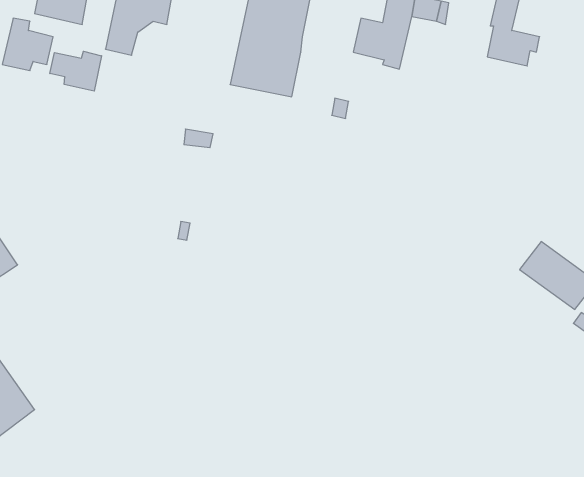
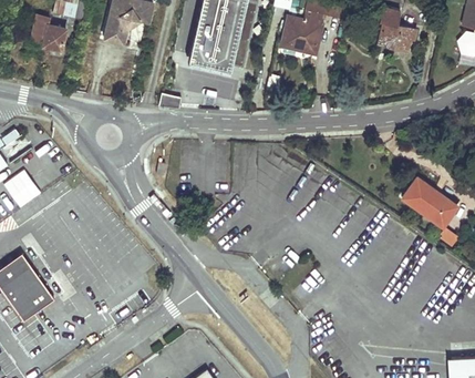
building: [50,51,102,91] -> none

